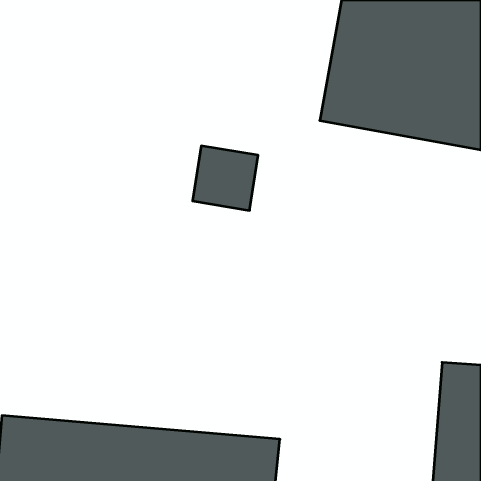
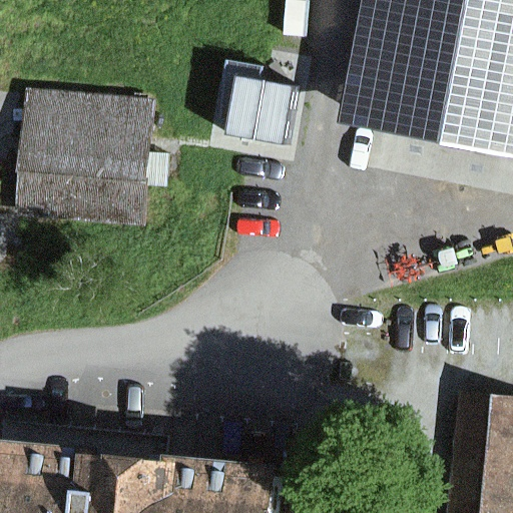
building: none -> [27,84,164,223]
building: [193,146,258,210] -> [220,81,290,149]

